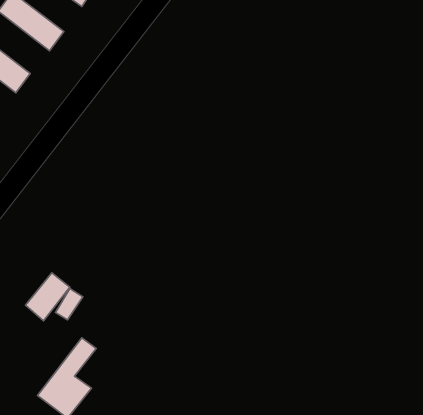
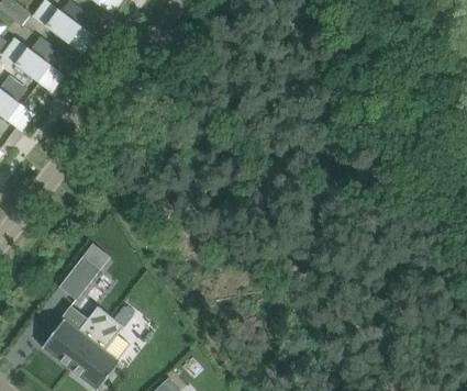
building: none -> [42,304,111,367]

